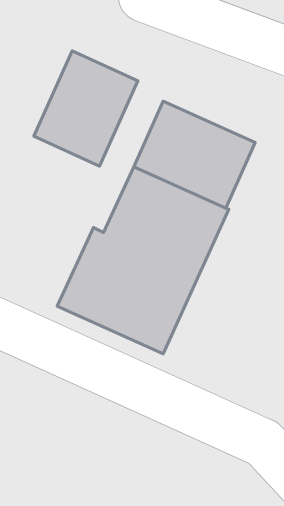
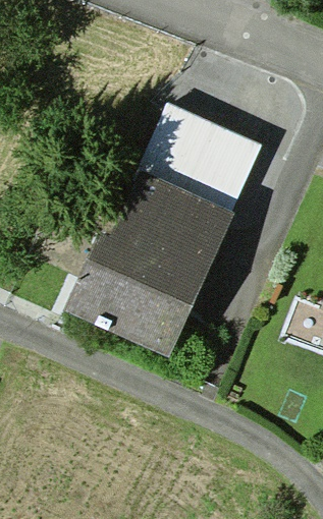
building: [34,51,138,166] -> none

